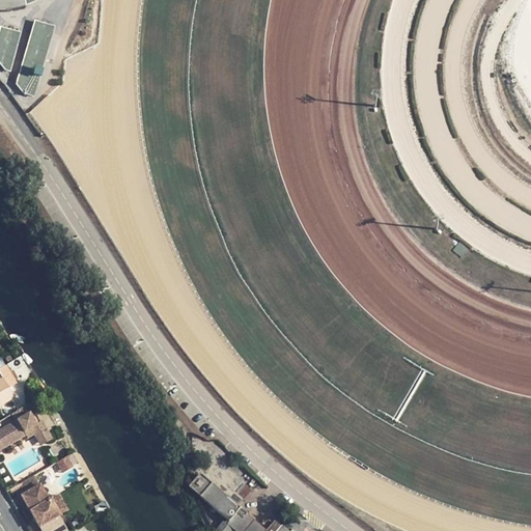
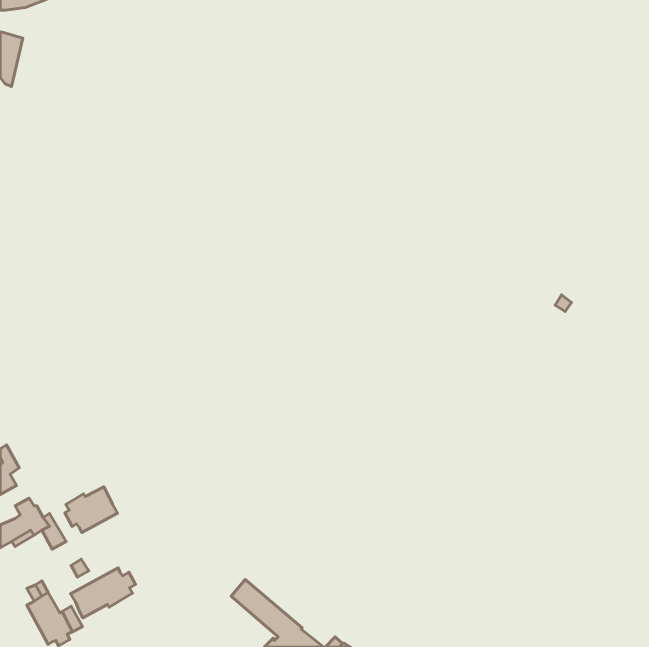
building: [15,20,53,95] -> none
building: none -> [65,487,118,533]
building: none -> [71,568,135,618]

